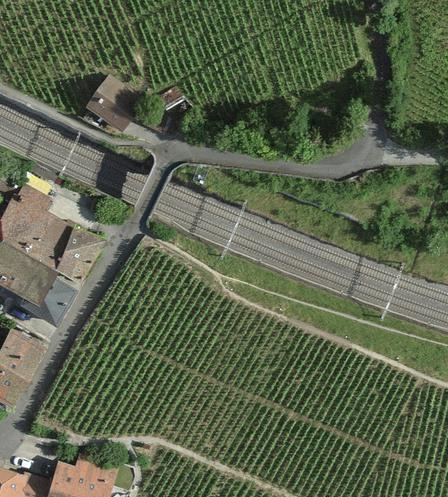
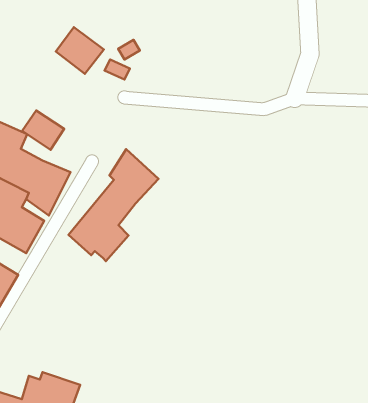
building: none -> [22,110,64,150]
building: none -> [69,149,158,261]

